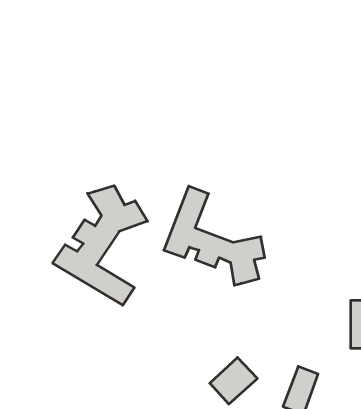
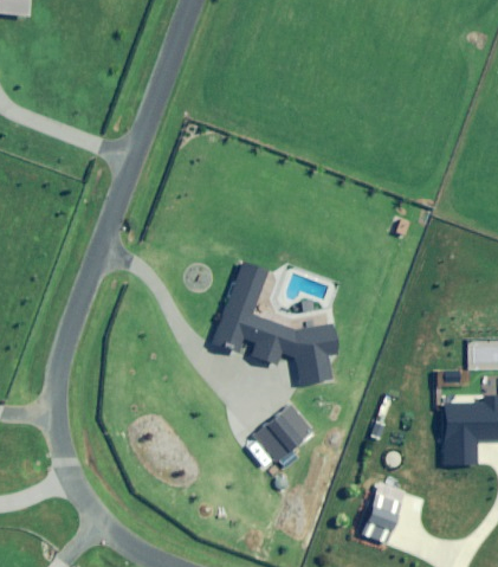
building: [53,186,148,305] -> none
building: [210,357,257,404] -> [252,405,311,463]

